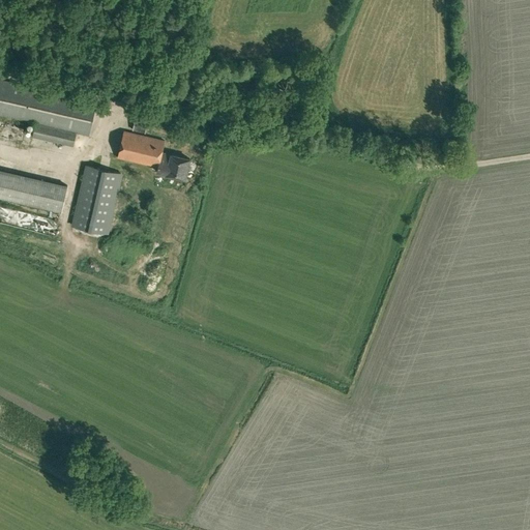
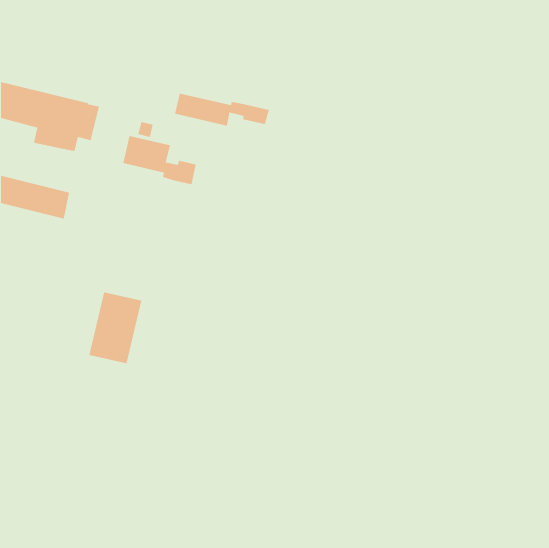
building: none -> [175,93,269,126]
building: [70,167,122,236] -> [89,292,142,364]

